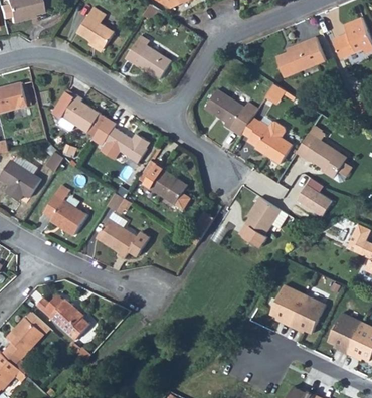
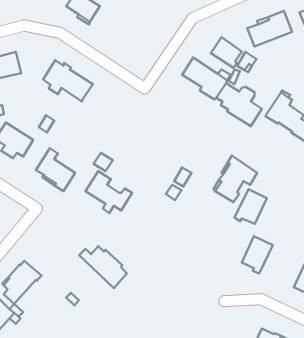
building: [127,35,171,79] -> none
building: none -> [211,37,242,68]
building: [96,118,150,162] -> none
building: [145,164,191,210] -> none
building: [297,179,332,217] -> none
building: [38,292,90,339] -> [79,246,127,288]
building: [290,294,325,333] -> [235,189,267,224]

